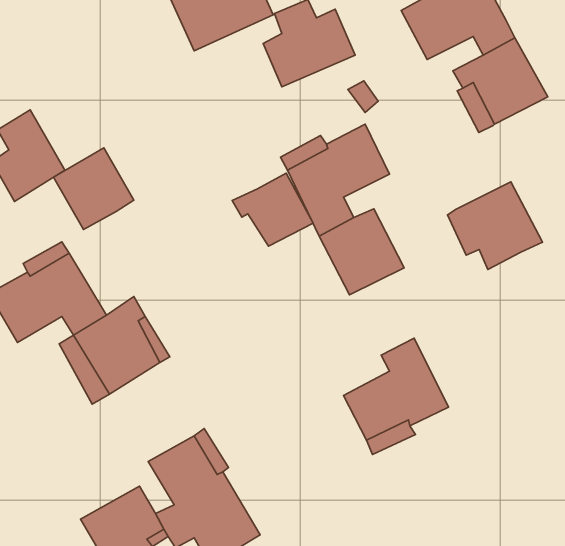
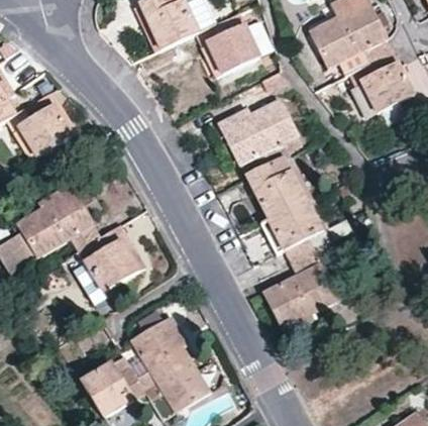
building: [53,148,134,229] -> none
building: [232,173,313,246] -> none
building: [448,182,542,269] -> [264,203,331,264]

